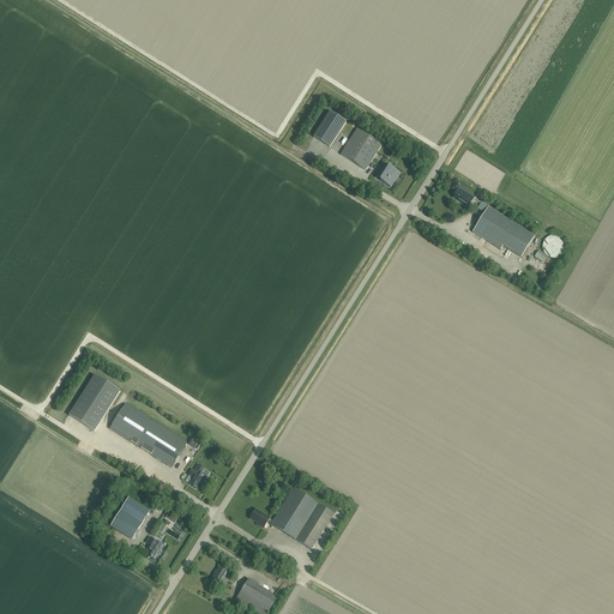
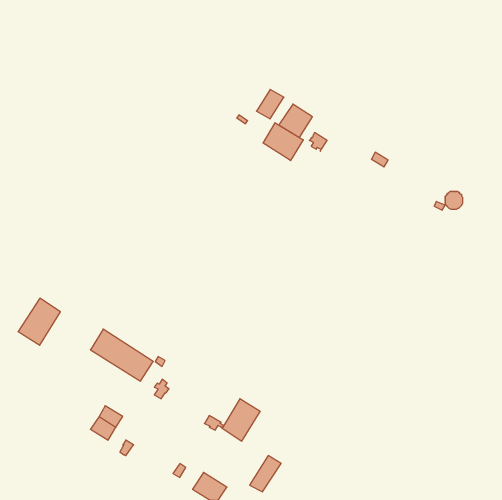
building: none -> [263,123,303,161]
building: [472,205,535,255] -> none
building: [68,373,120,431] -> [18,298,60,345]
building: [295,502,333,547] -> [250,456,281,492]

